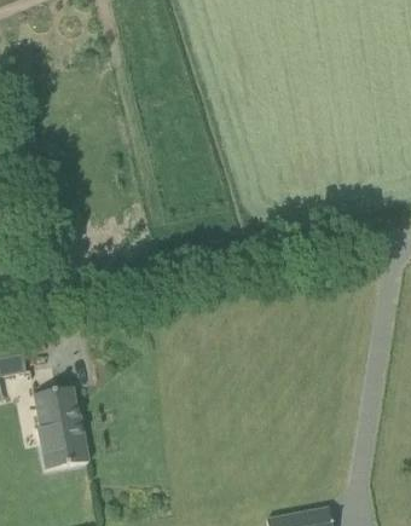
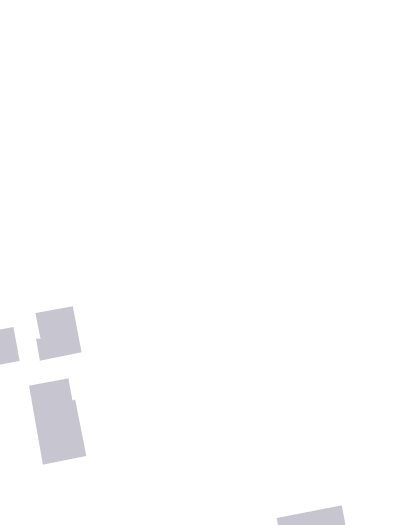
building: none -> [35,305,82,361]

